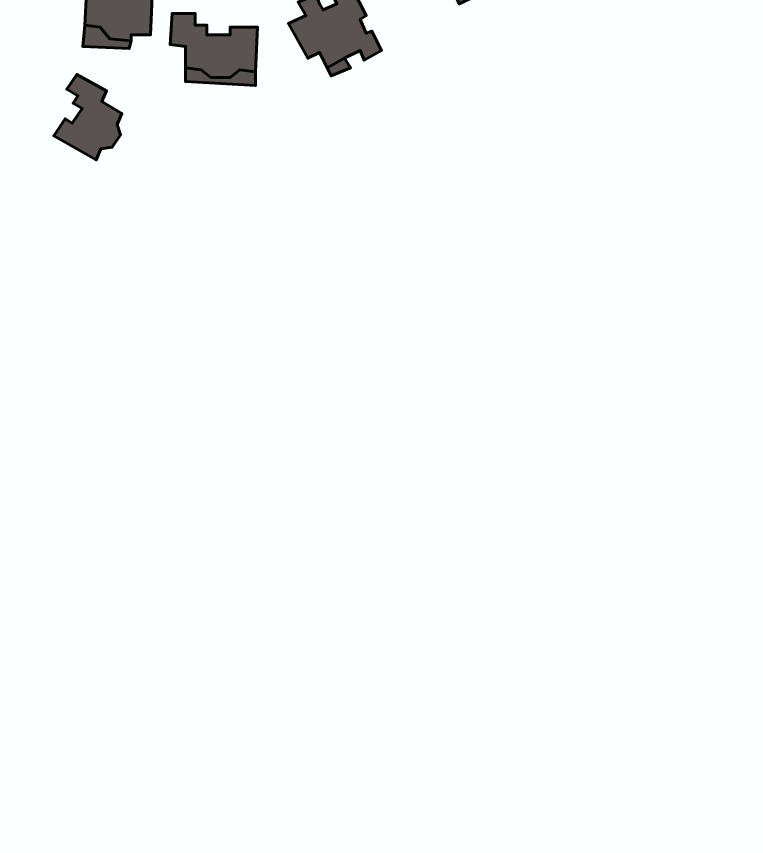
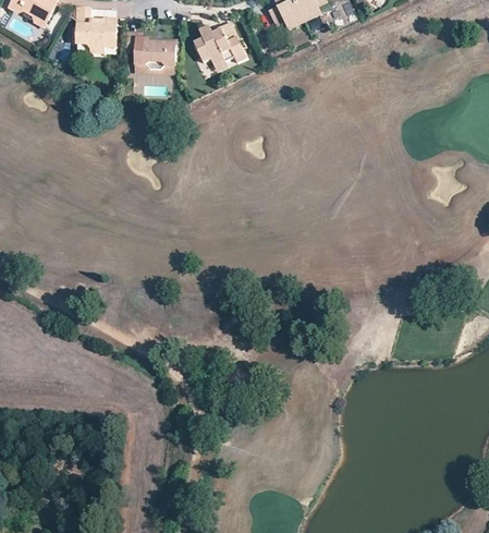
building: [54,75,122,160] -> none

